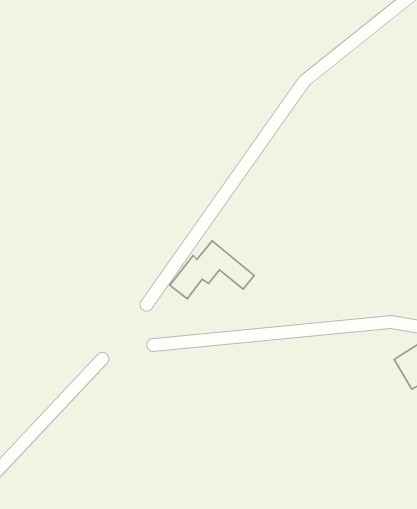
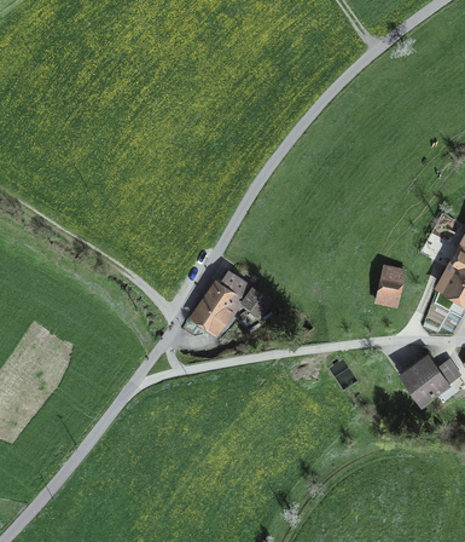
building: none -> [376,267,403,306]

